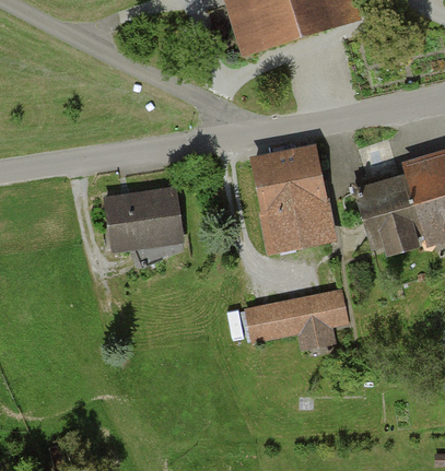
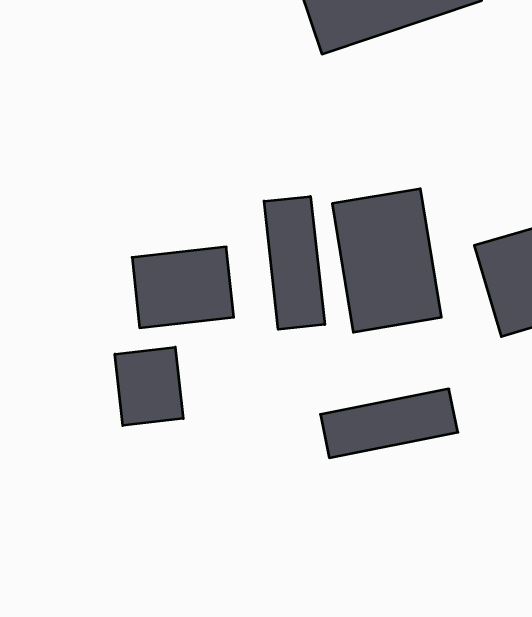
building: none -> [264,196,325,329]
building: none -> [115,347,183,426]

